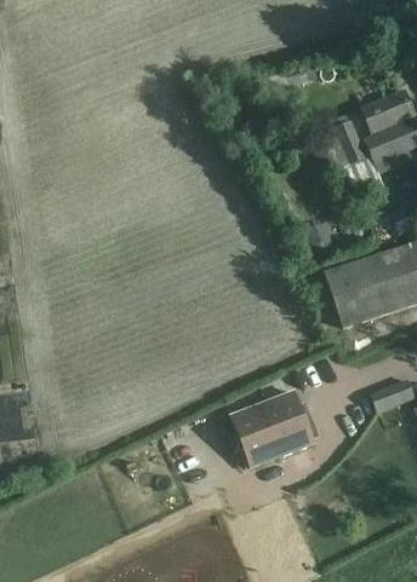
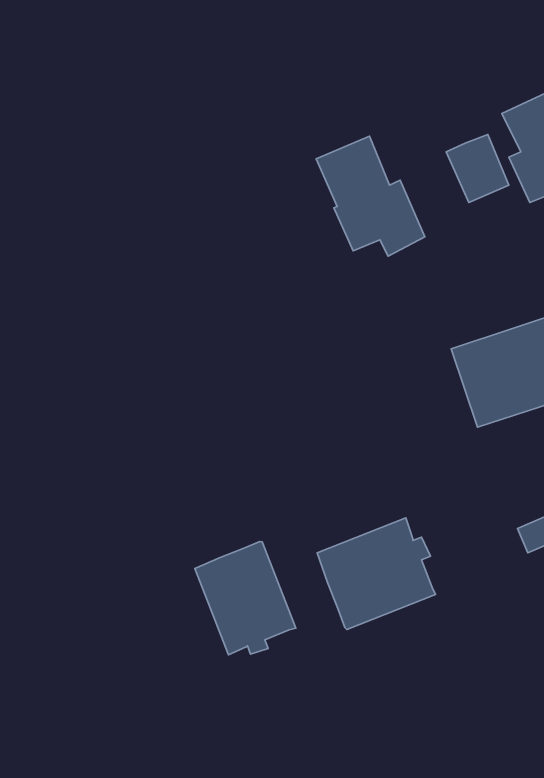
building: none -> [316,136,425,256]
building: none -> [195,542,296,655]

